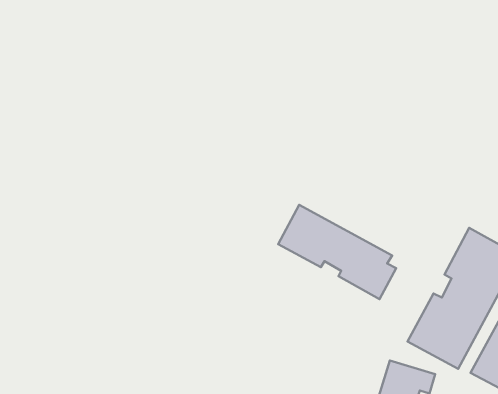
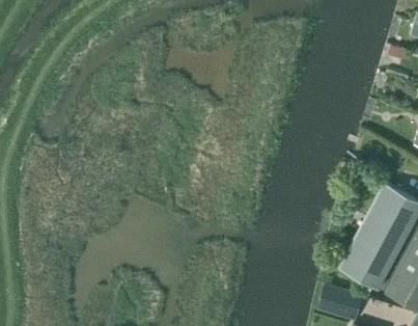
building: [278,205,396,299] -> none

